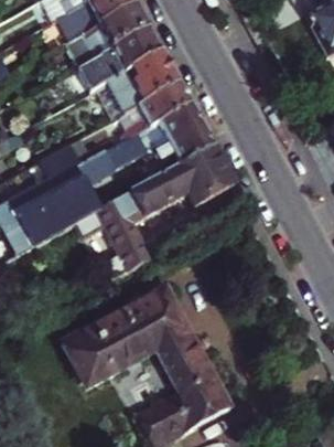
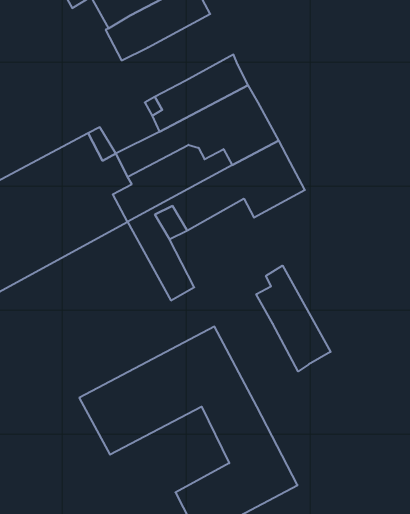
building: [115,50,180,100] -> none
building: none -> [256,266,331,371]

